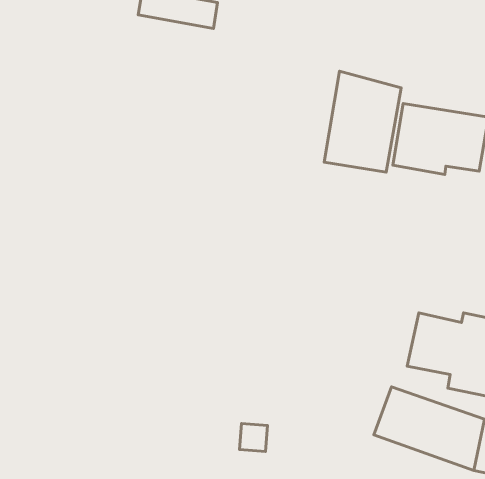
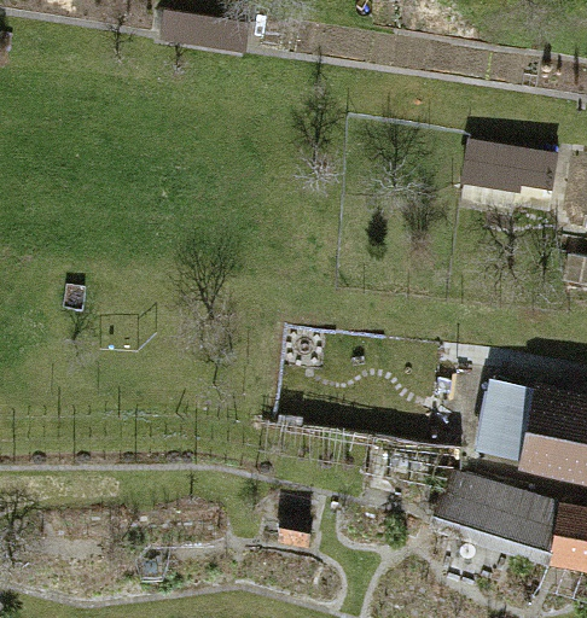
building: [324,71,401,172] -> none

